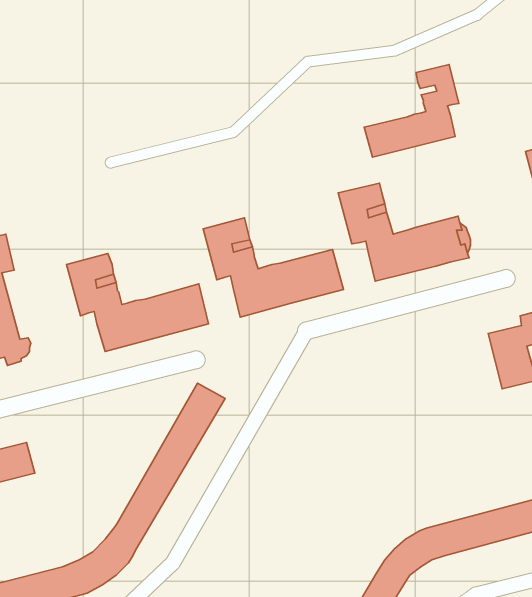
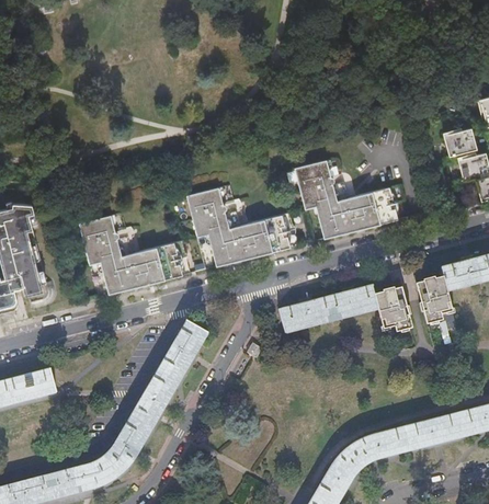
building: [364,64,459,157] -> none
building: none -> [277,285,412,336]

